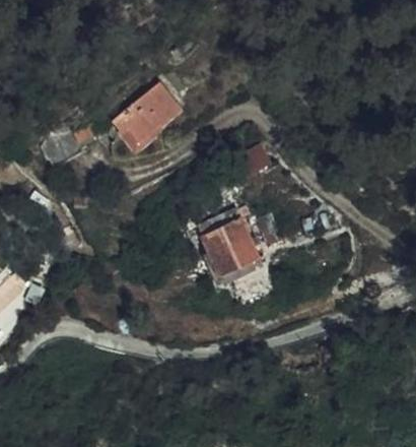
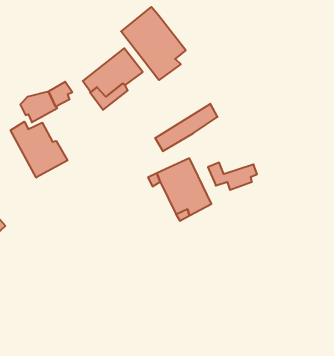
building: none -> [121,7,186,80]
building: none -> [11,122,67,178]

